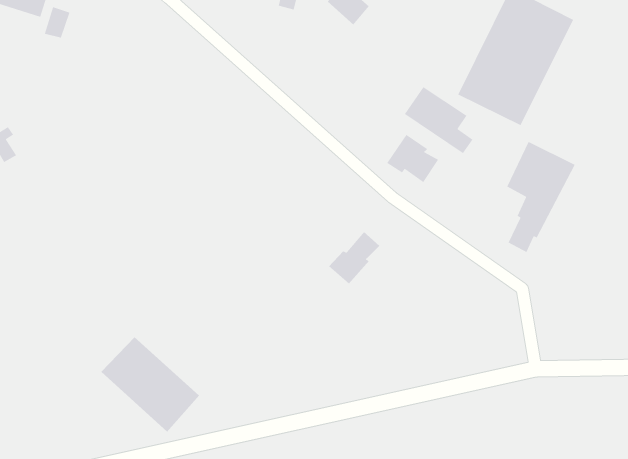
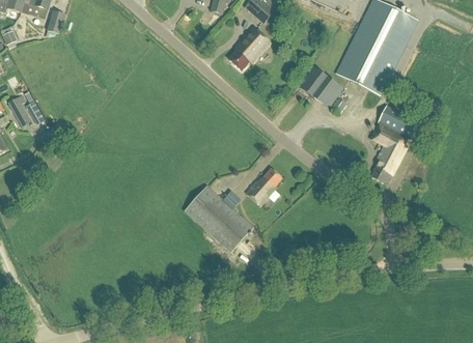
building: none -> [228,26,271,69]
building: [386,134,439,183] -> none
building: [100,336,200,433] -> [184,185,253,253]

